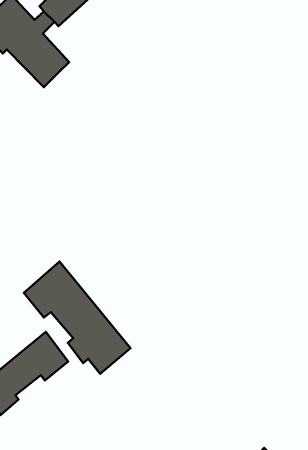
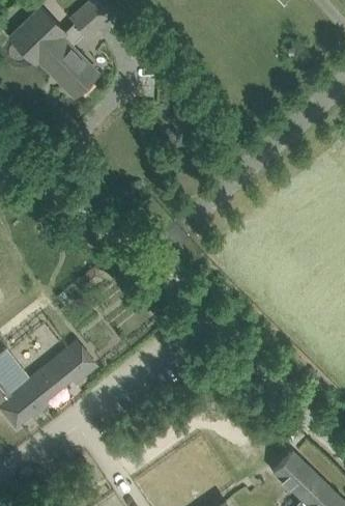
building: [24,261,131,374] -> none

